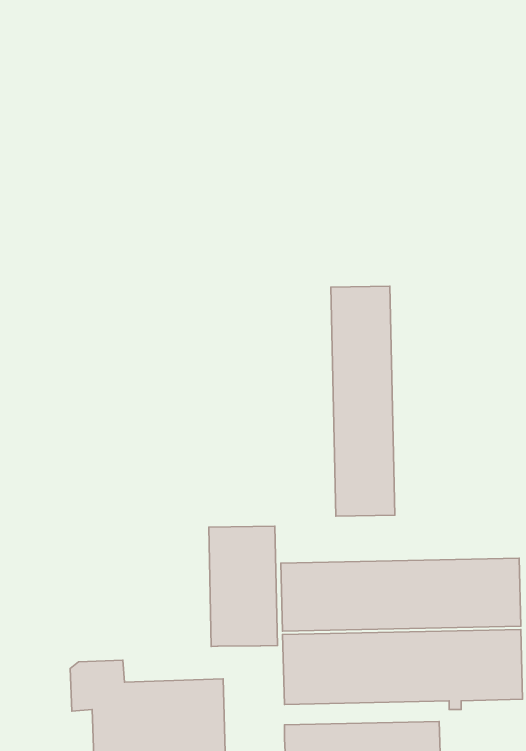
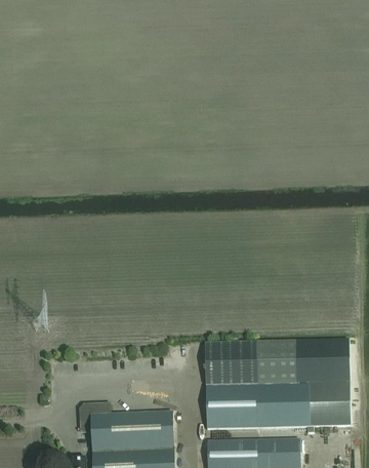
building: [331,286,395,516] -> none
building: [209,526,278,646] -> none

